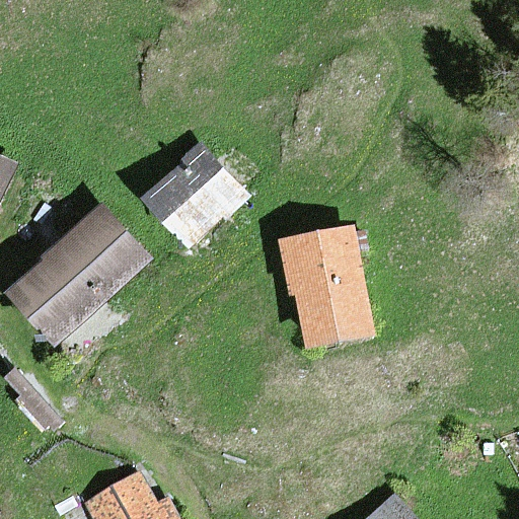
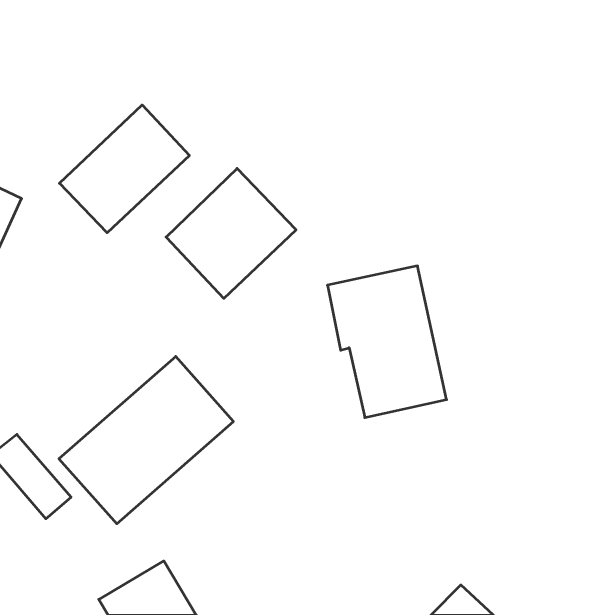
building: none -> [59,105,189,233]
building: [4,205,151,346] -> [59,356,233,524]

